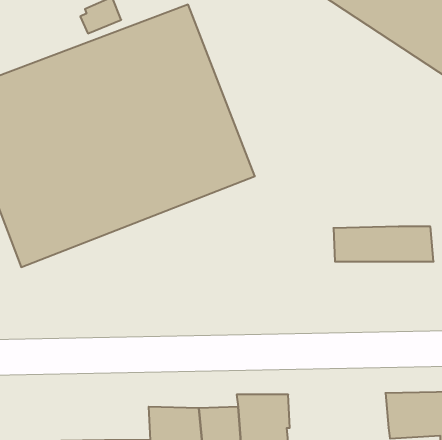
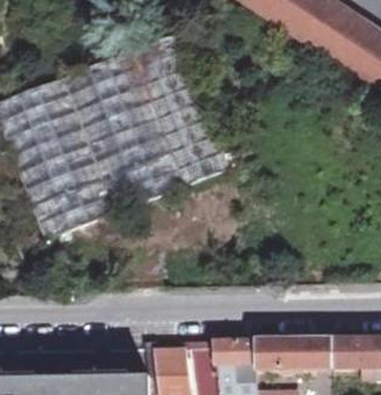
building: [333,227,434,262] -> [255,337,334,364]

